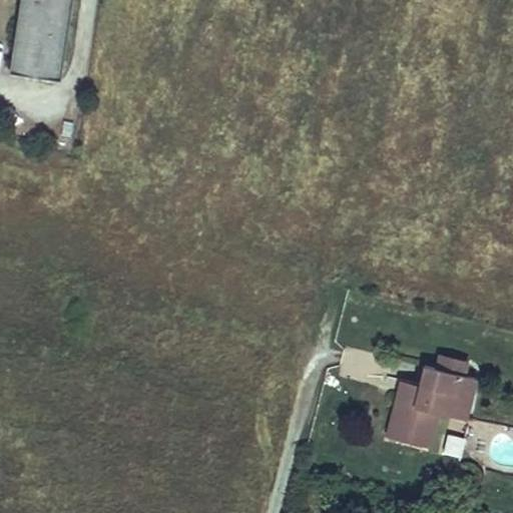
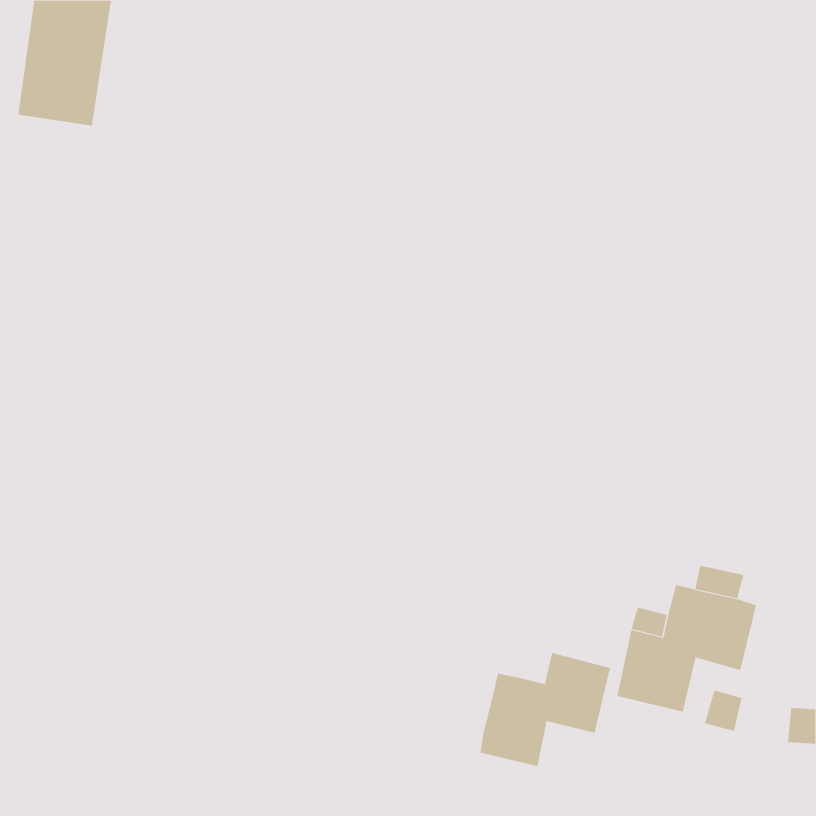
building: none -> [480,652,610,767]

